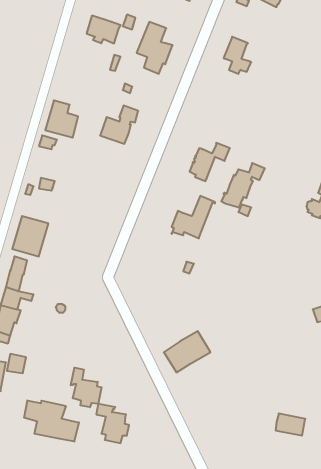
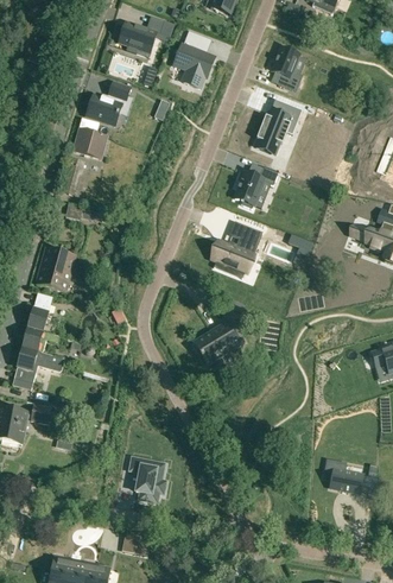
building: [100,106,138,144] -> [88,82,131,125]
building: [221,163,265,208] -> [254,103,303,153]
building: [164,331,210,372] -> [192,318,245,365]
building: [71,368,102,407] -> none
building: [24,400,79,442] -> none

